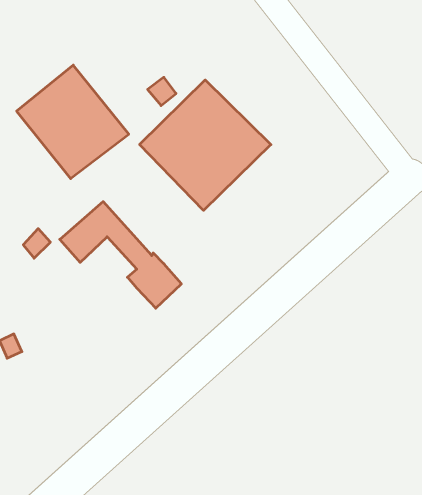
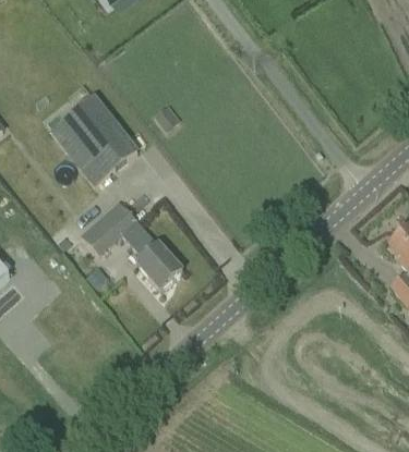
building: [140,80,271,210] -> none

